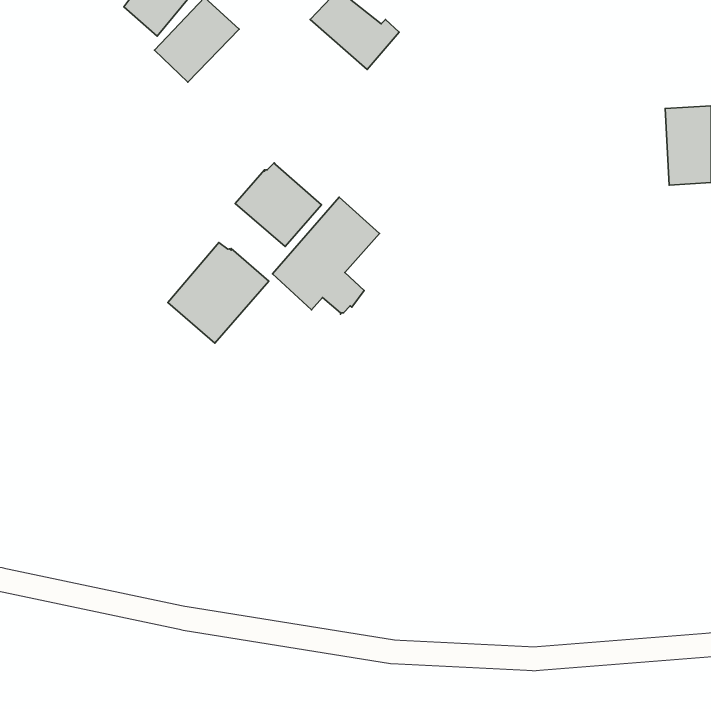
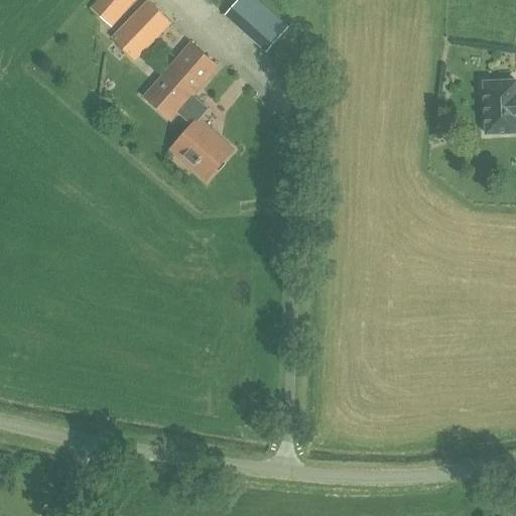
building: [272,197,380,314] -> [142,39,220,124]
building: [168,243,269,343] -> none

